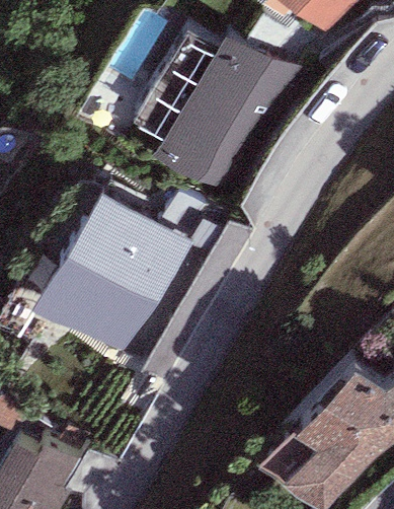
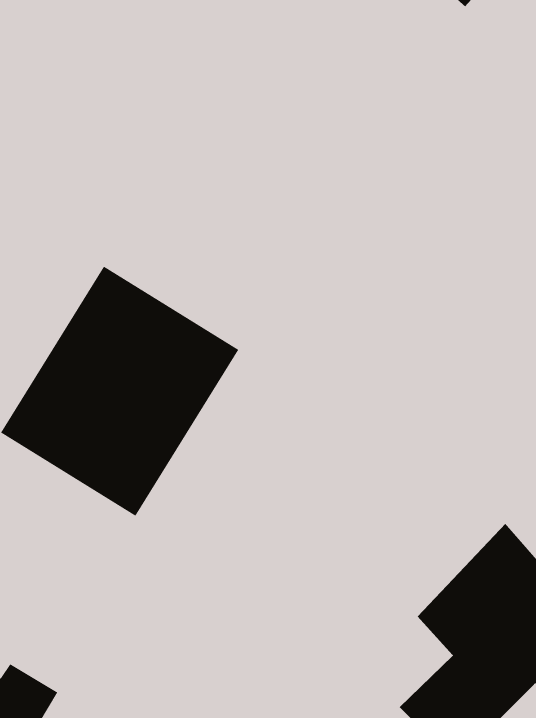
building: [153,33,295,192] -> none

